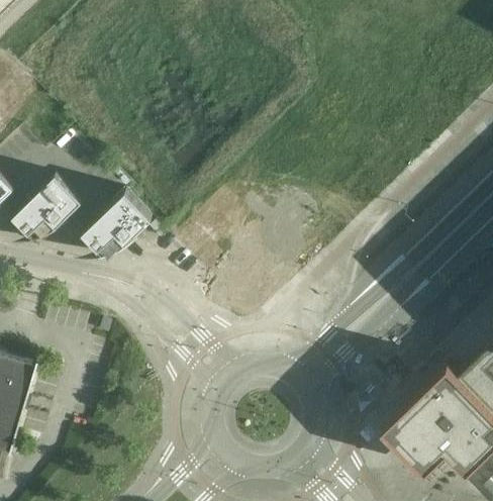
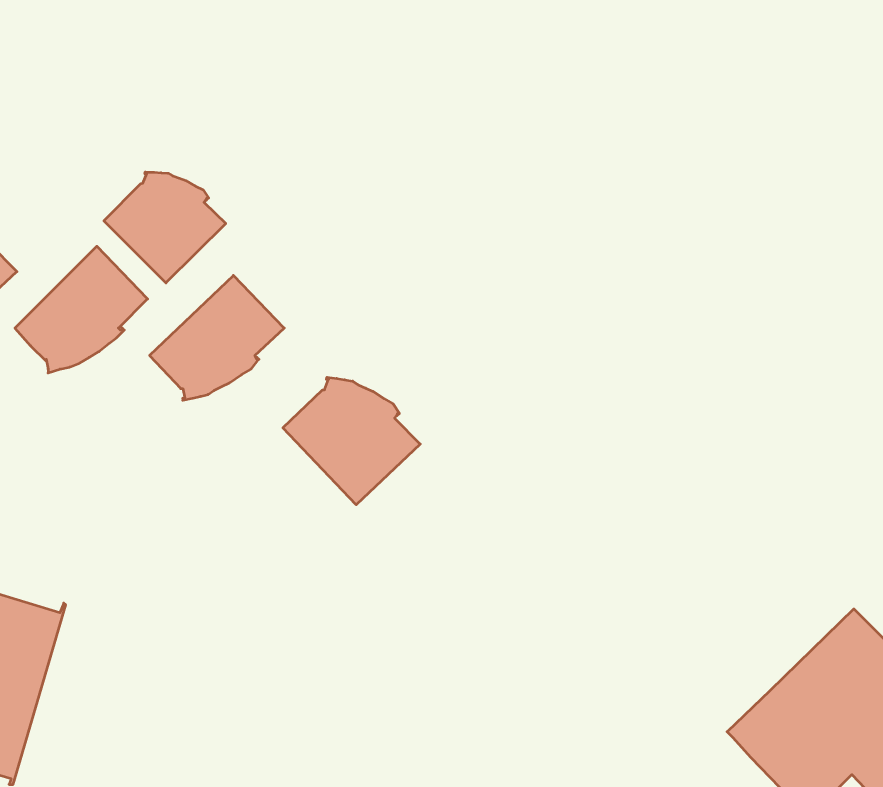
building: none -> [104,172,226,283]
building: none -> [283,377,420,505]

